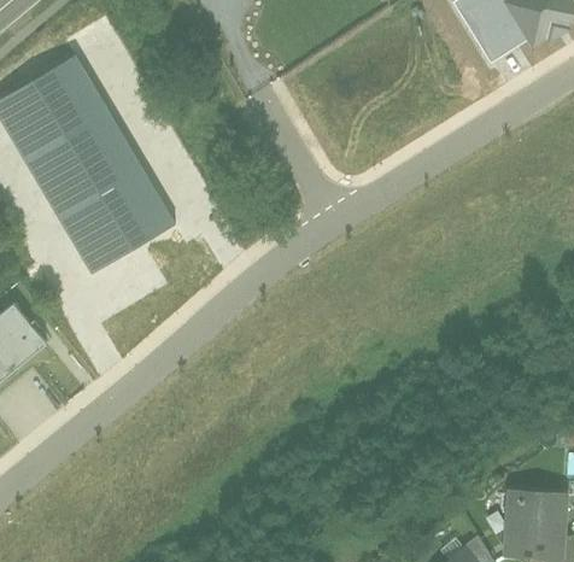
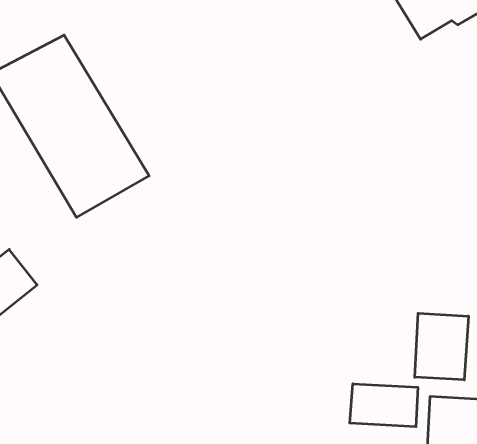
building: none -> [415,313,468,380]
building: none -> [350,384,418,427]

